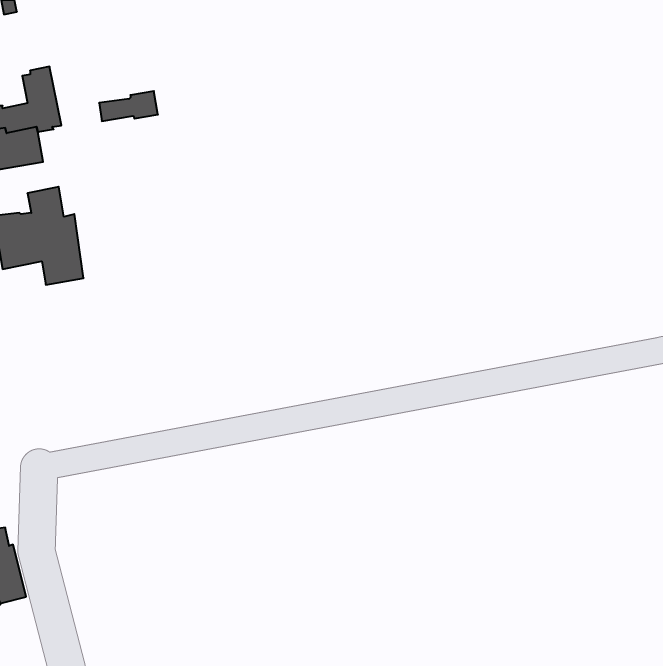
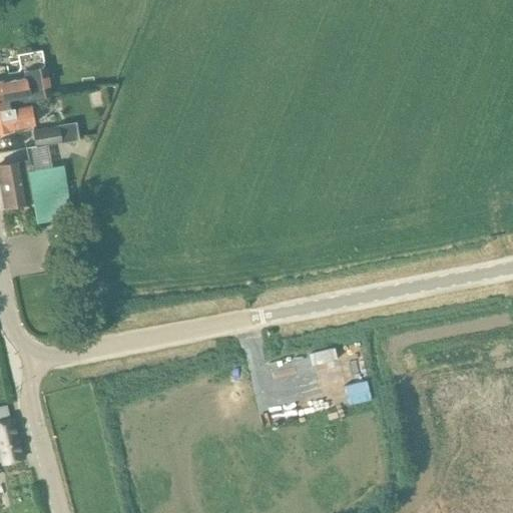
building: [99,91,158,121] -> [30,123,75,146]

